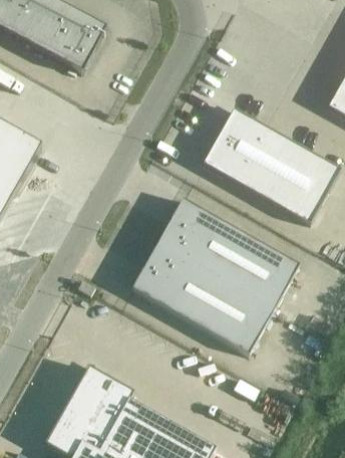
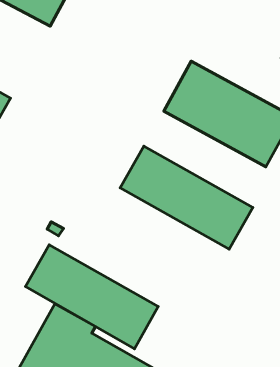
building: [131,242,272,353] -> [26,245,158,349]

